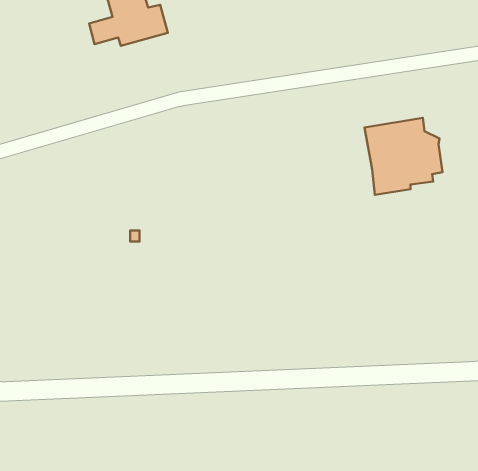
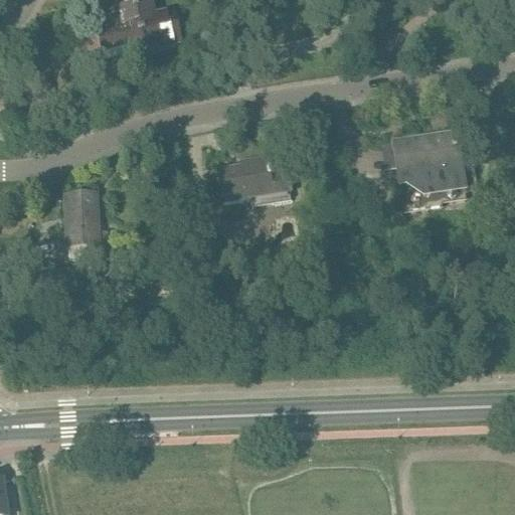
building: none -> [216,153,291,200]
building: none -> [64,189,106,244]

